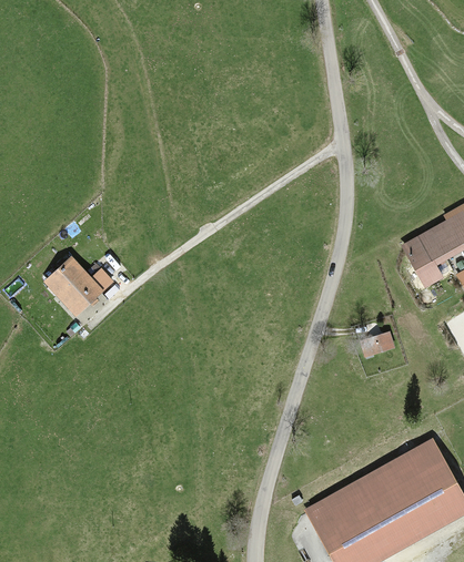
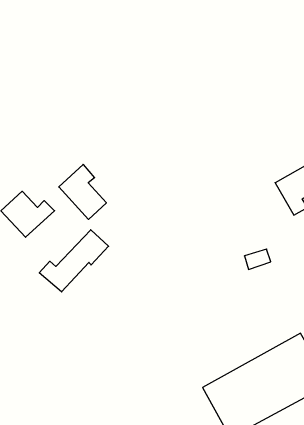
building: none -> [59,164,106,219]
building: none -> [39,230,109,292]

